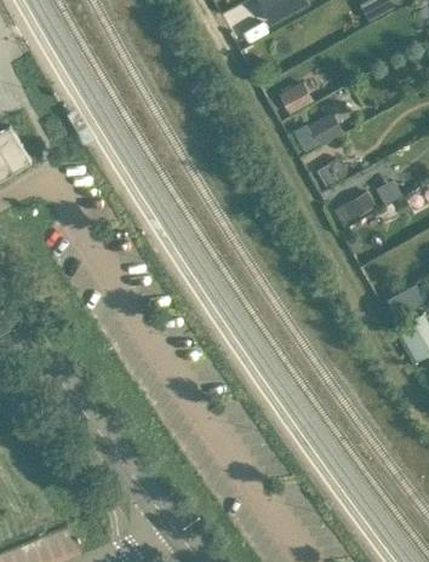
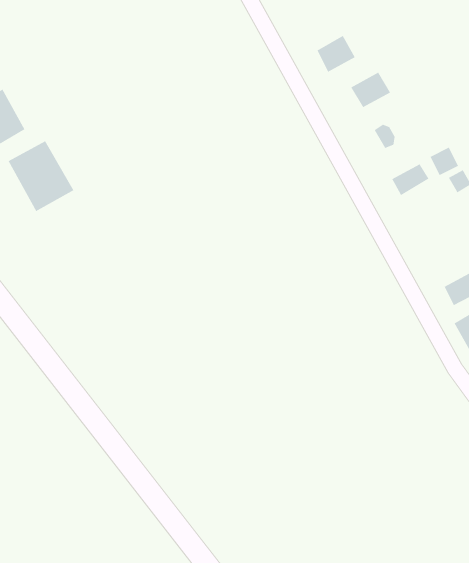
building: none -> [7,140,74,212]

